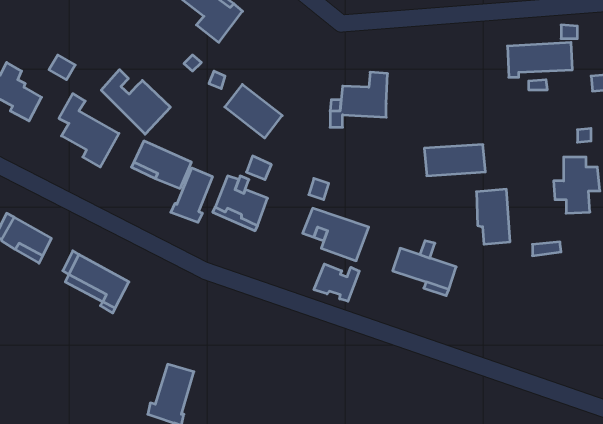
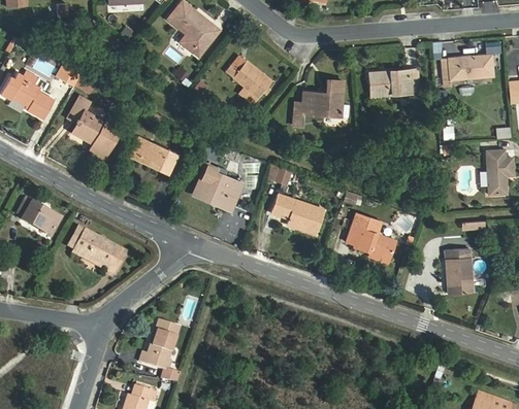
building: [101,70,170,134] -> none
building: [225,84,282,138] -> [226,54,273,98]
building: [424,145,485,176] -> [369,69,420,95]
building: [171,168,212,222] -> none
building: [476,189,510,244] -> [445,249,473,295]
building: [314,264,359,301] -> none

